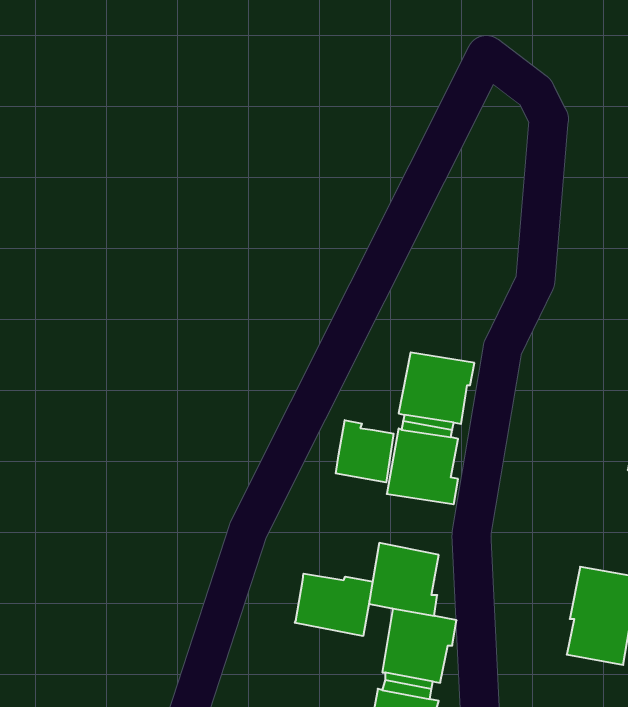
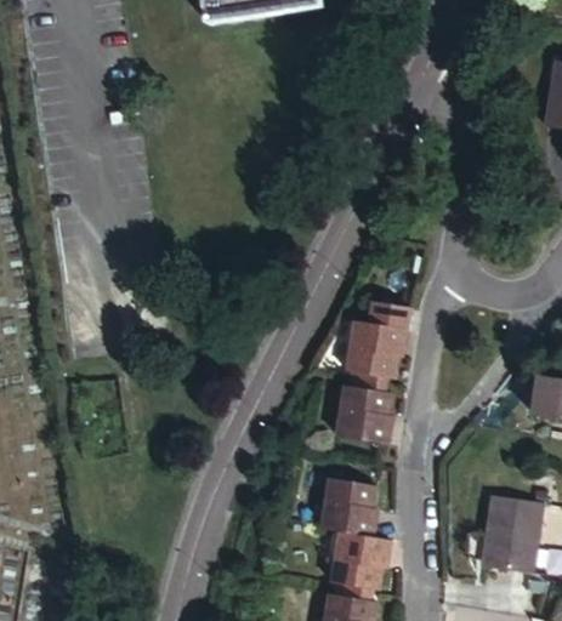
building: [336,420,394,482] -> none
building: [295,574,372,636] -> none

